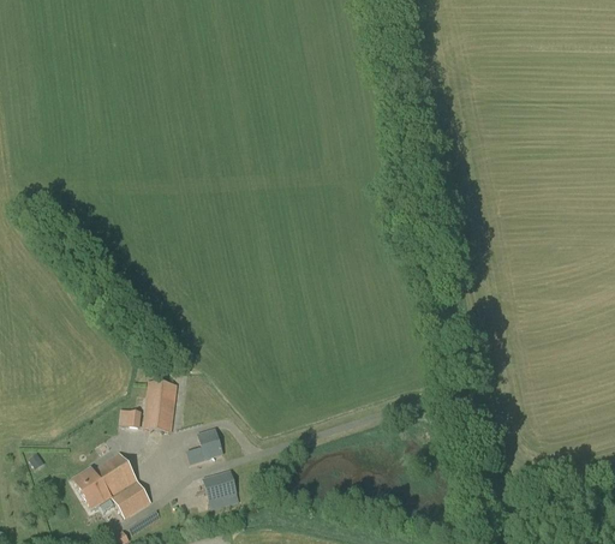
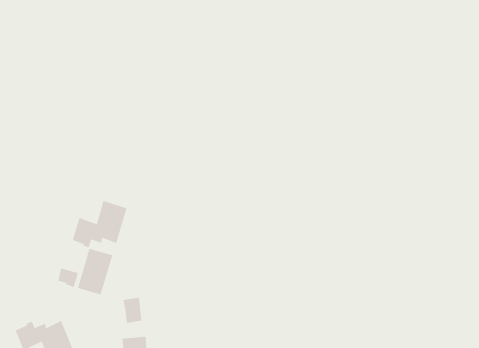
building: none -> [72,200,127,248]
building: [72,452,131,489] -> none

